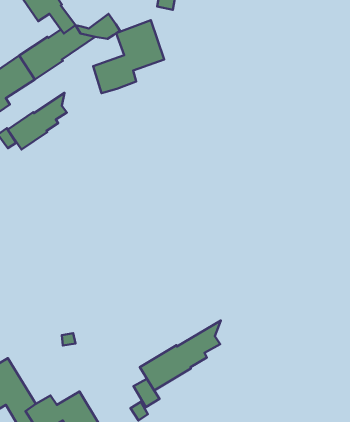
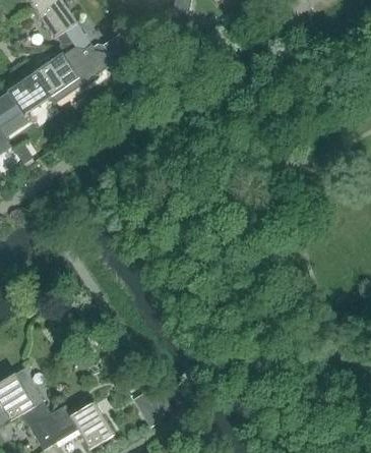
building: [93,20,164,93] -> none
building: [8,93,67,150] -> none
building: [140,321,221,391] -> none

